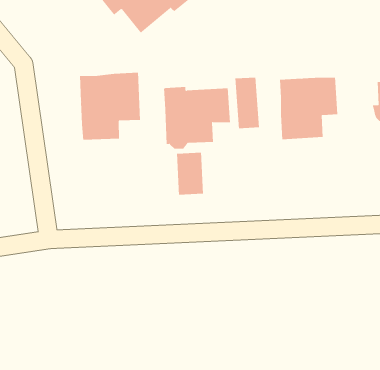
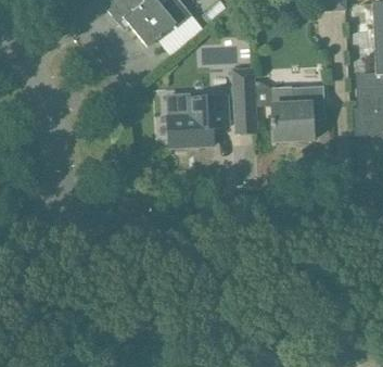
building: [79,72,141,141] -> none
building: [177,152,203,196] -> none

